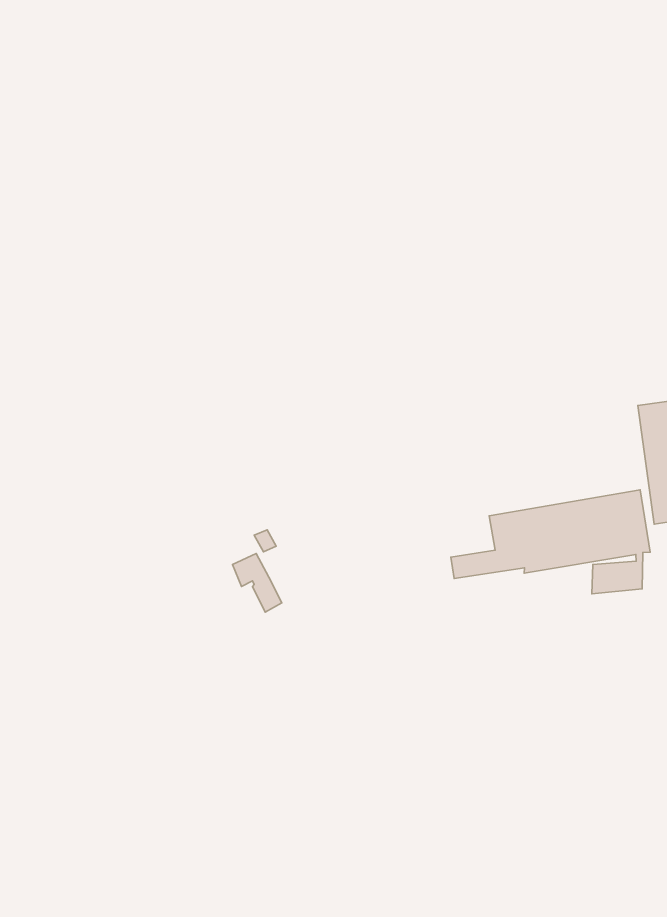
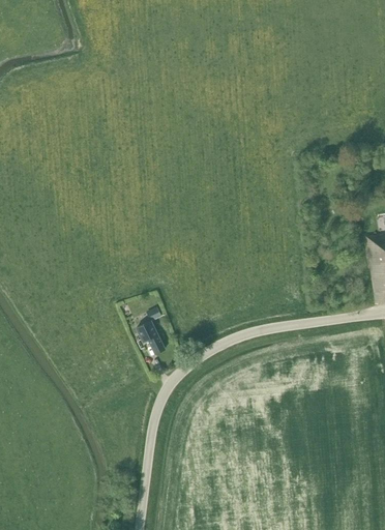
building: [451,490,650,594] -> none

